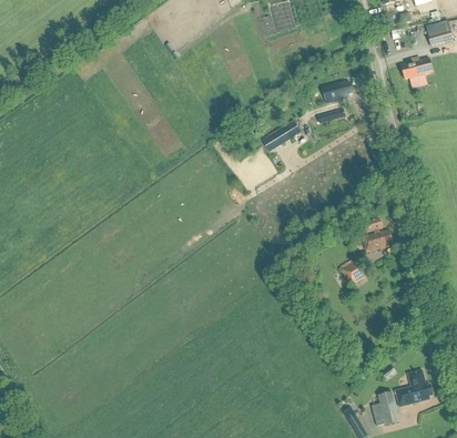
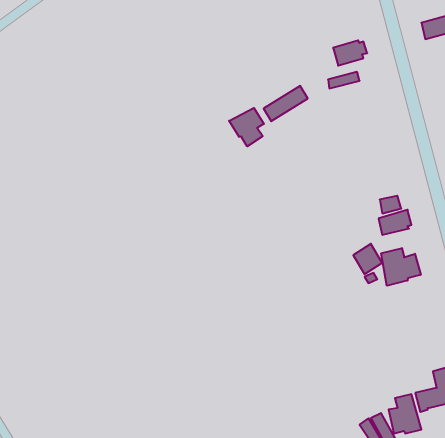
building: none -> [229,108,264,146]
building: none -> [381,248,421,286]

